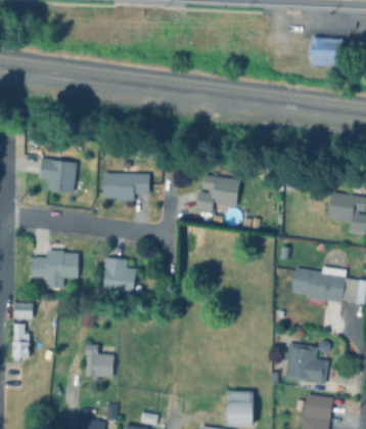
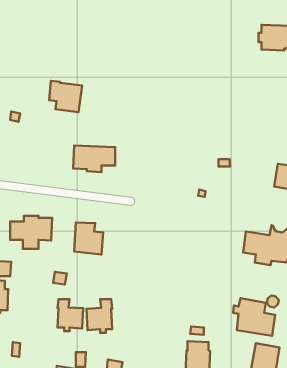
building: [40,158,77,192] -> [49,81,82,112]
building: [195,174,240,211] -> none
building: none -> [87,299,112,333]

